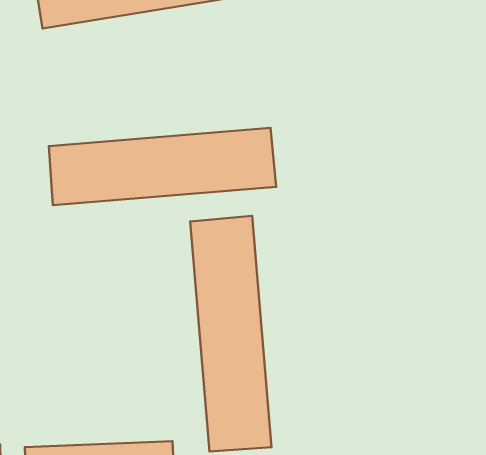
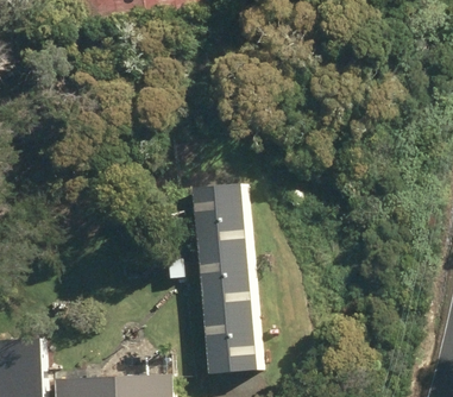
building: [49,128,276,205] -> none

